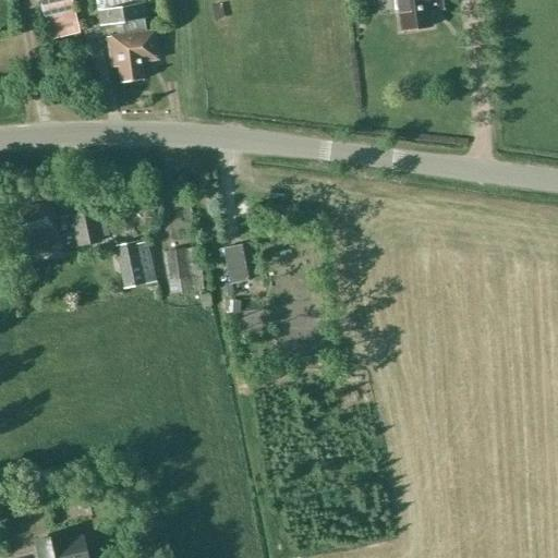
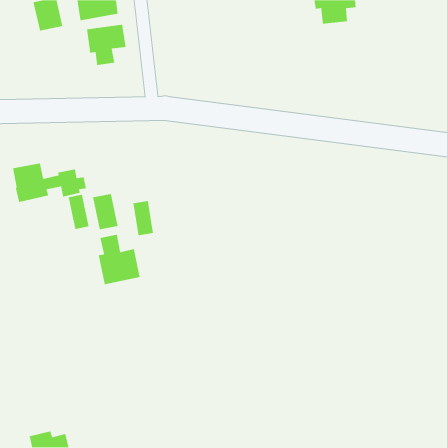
building: none -> [68,194,90,230]
building: [225,244,251,283] -> none
building: none -> [98,234,140,285]

